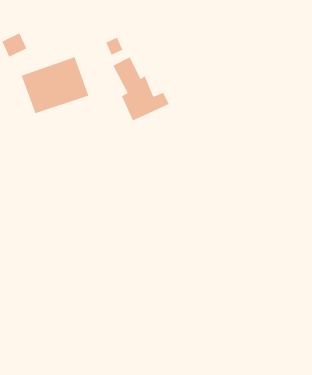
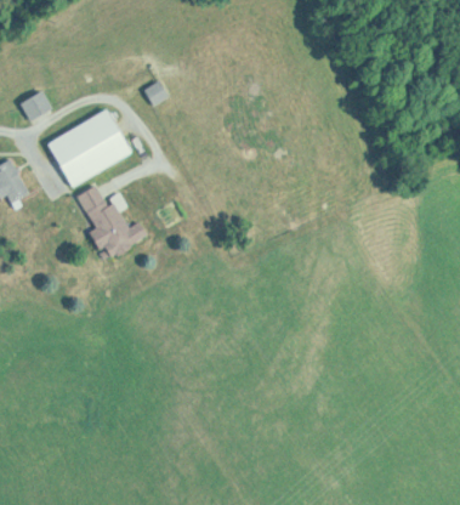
building: [113,57,169,121] -> [74,183,147,260]

